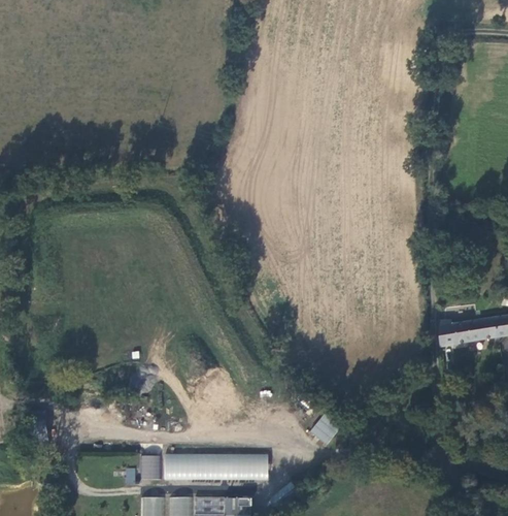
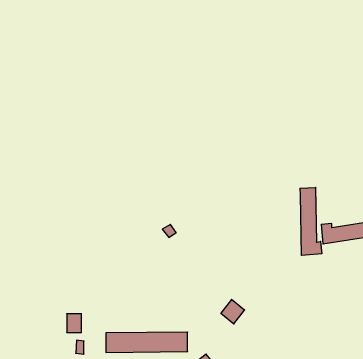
building: none -> [300,187,322,255]
building: [143,453,162,477] -> [67,314,81,332]

